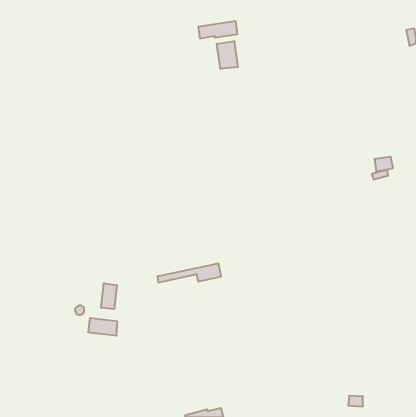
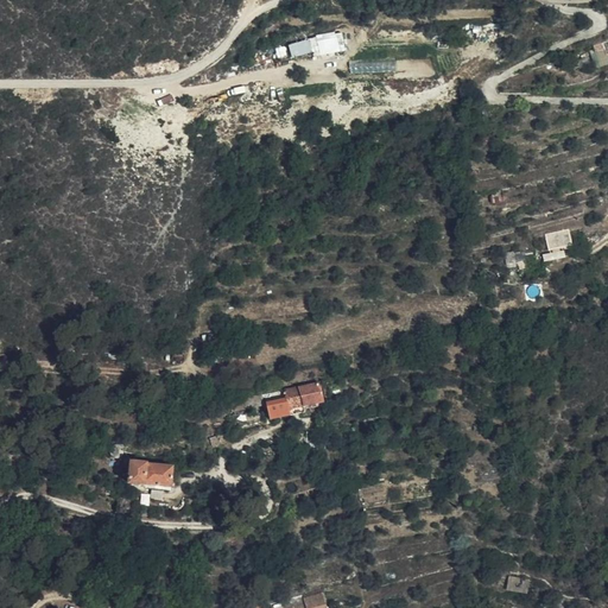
building: [217,41,238,69] -> none
building: [101,283,117,309] -> none

